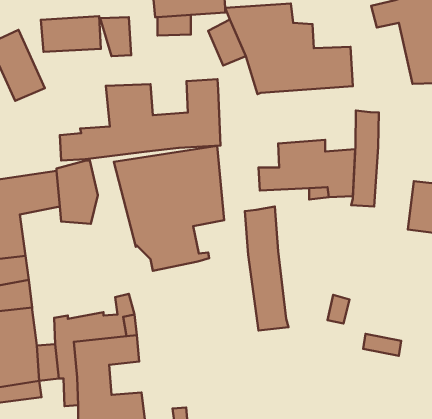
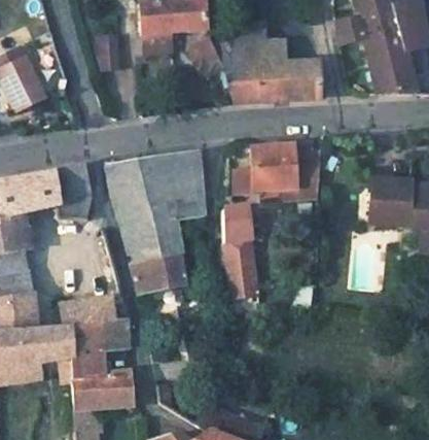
building: [41,16,101,52] -> none
building: [60,79,221,160] -> none
building: [351,110,379,206] -> none
building: none -> [131,253,185,294]

